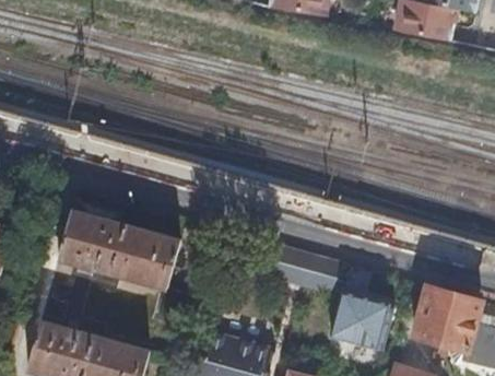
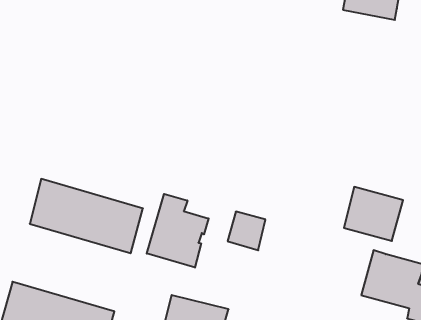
building: none -> [147,194,209,268]
building: [304,254,343,295] -> none
building: [331,292,394,350] -> [344,187,403,241]

